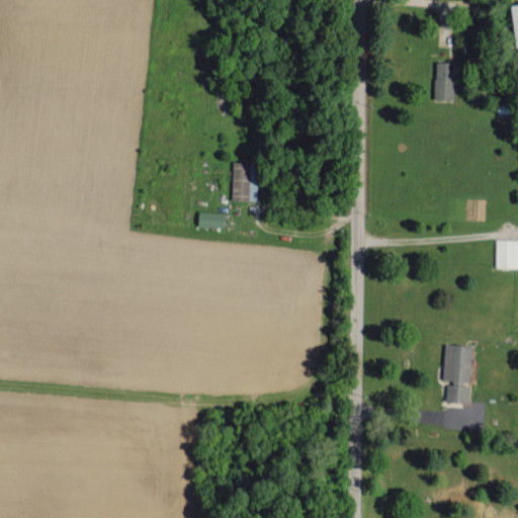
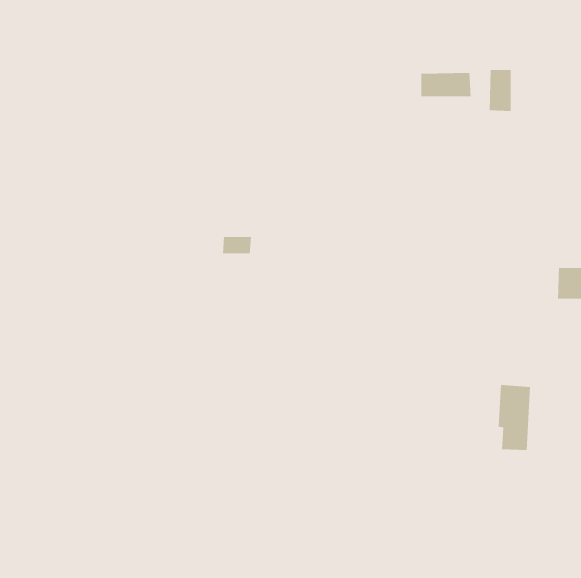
building: none -> [421,72,471,97]
building: [233,163,258,202] -> none

